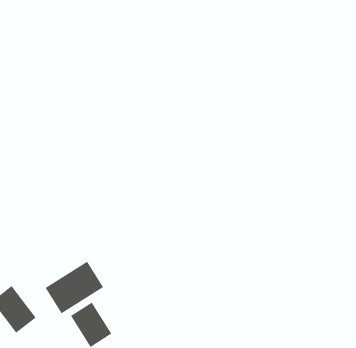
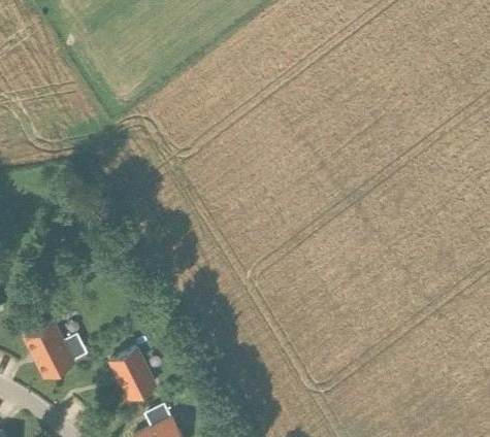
building: [45,261,104,314] -> none

